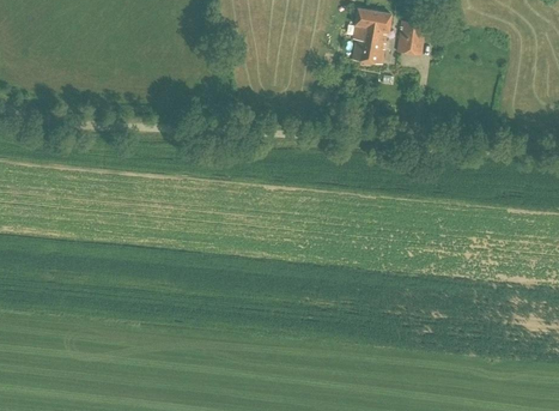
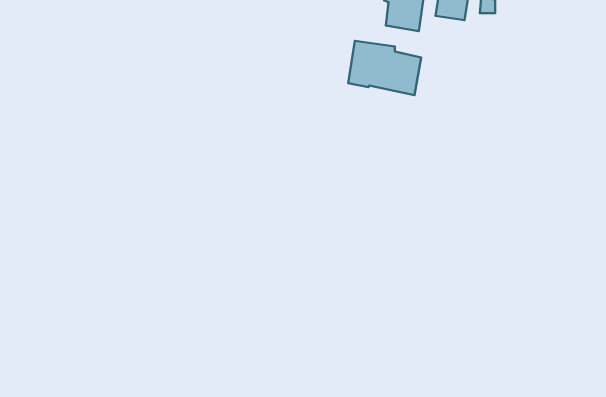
building: none -> [348,41,421,95]

